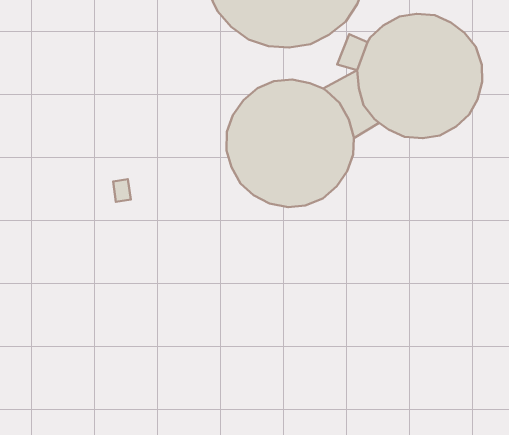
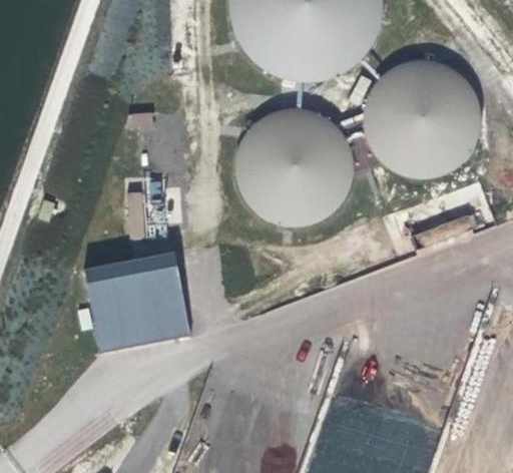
building: none -> [83,258,190,353]

